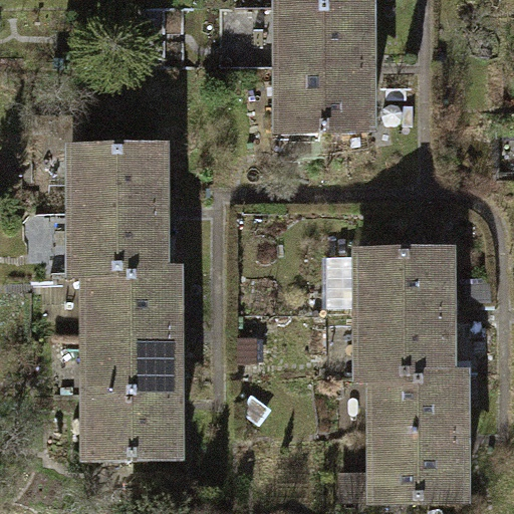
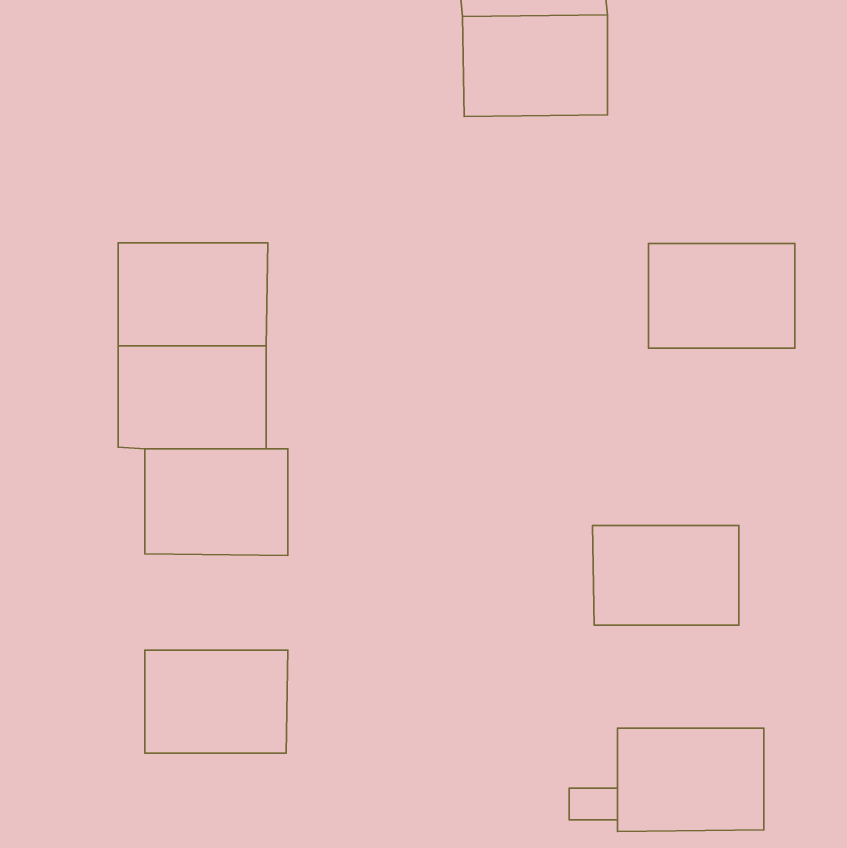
building: [282,69,369,130] -> none
building: [359,254,448,317] -> [648,244,795,348]
building: [89,334,176,393] -> none
building: [374,377,463,440] -> none

